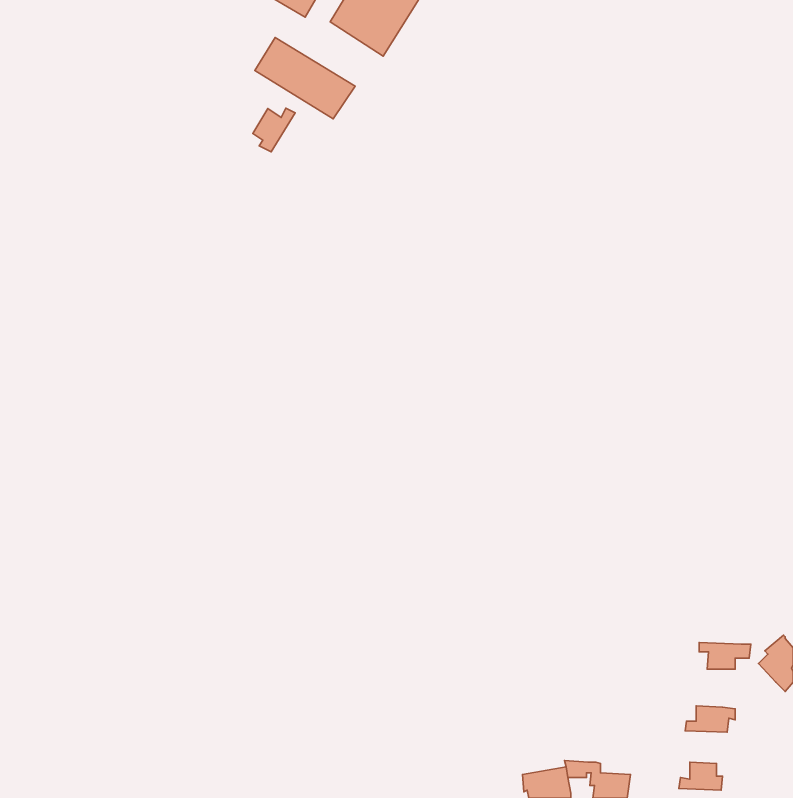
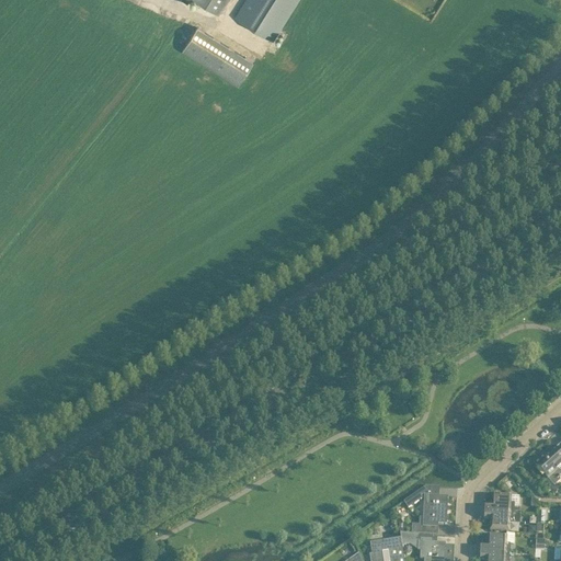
building: [253,108,295,152] -> none
building: [699,642,751,669] -> [480,512,516,530]
building: none -> [399,486,444,535]

